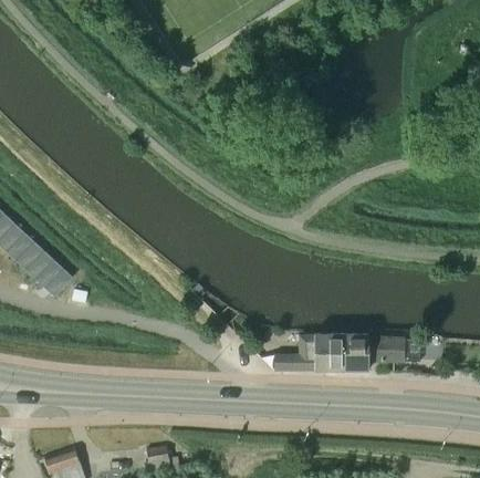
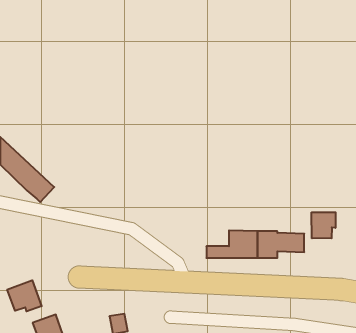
building: none -> [312,212,336,238]
building: none -> [7,280,42,311]

